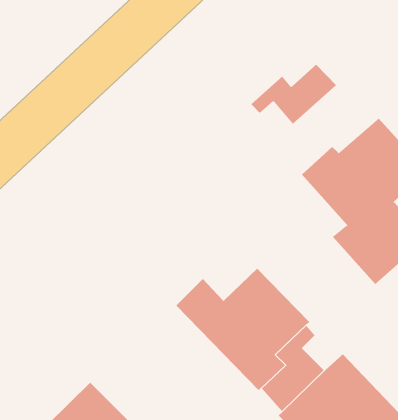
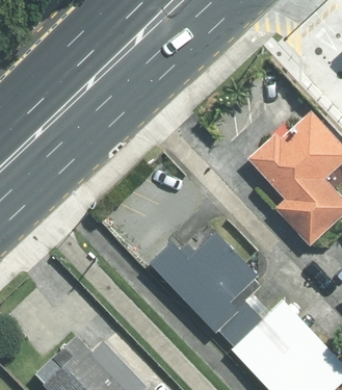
building: [250,64,337,124] -> none

